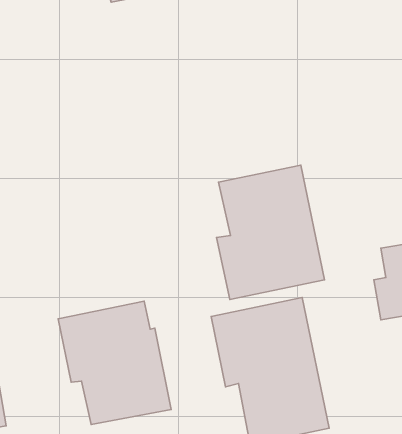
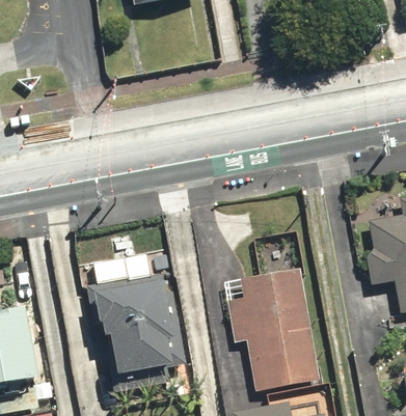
building: [217,165,325,299] -> none

